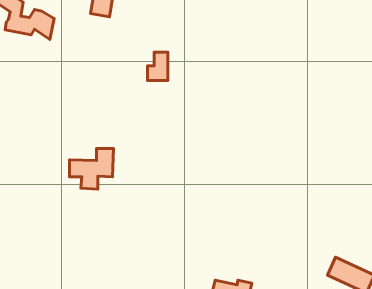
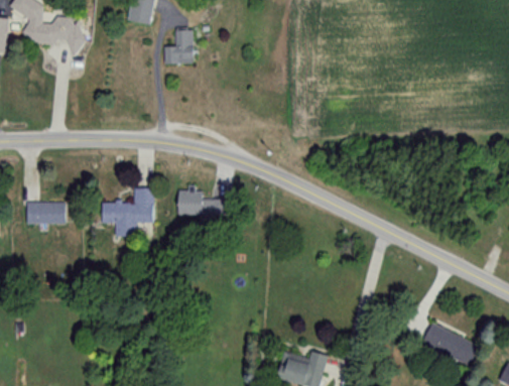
building: [148,52,168,81] -> [167,30,193,66]
building: none -> [178,189,212,216]
building: none -> [26,202,66,224]

